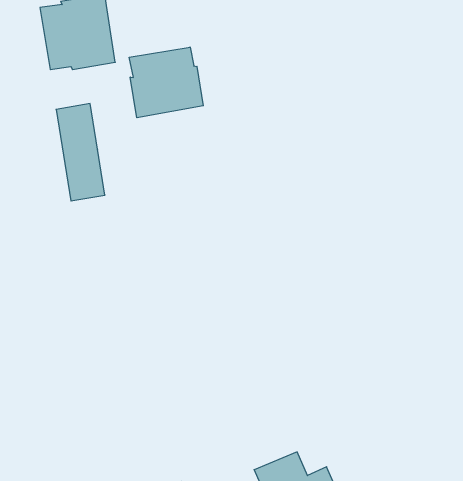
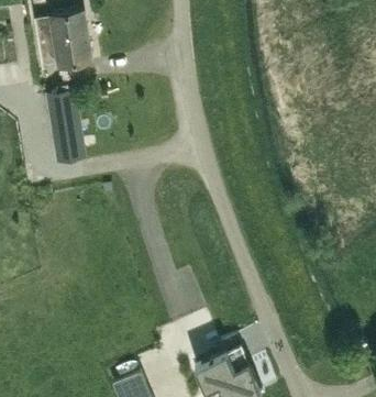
building: [129,47,203,118] -> none

